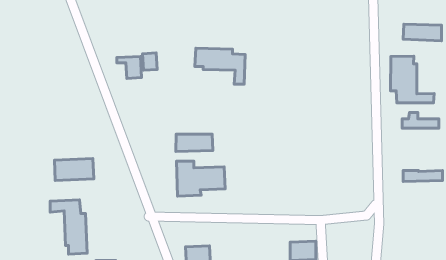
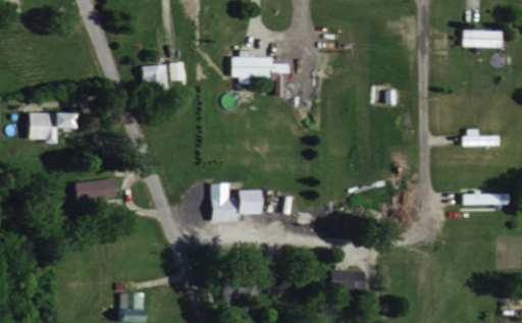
building: [390,56,434,103] -> none
building: none -> [27,112,70,144]
building: [176,134,213,152] -> none
building: [50,200,87,254] -> none

